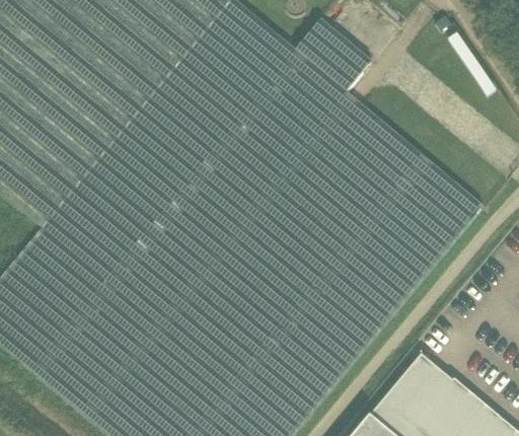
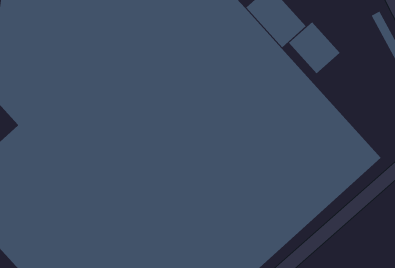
building: none -> [288,21,340,74]

